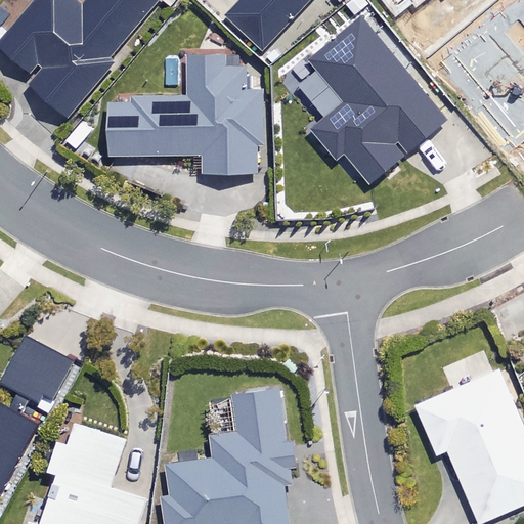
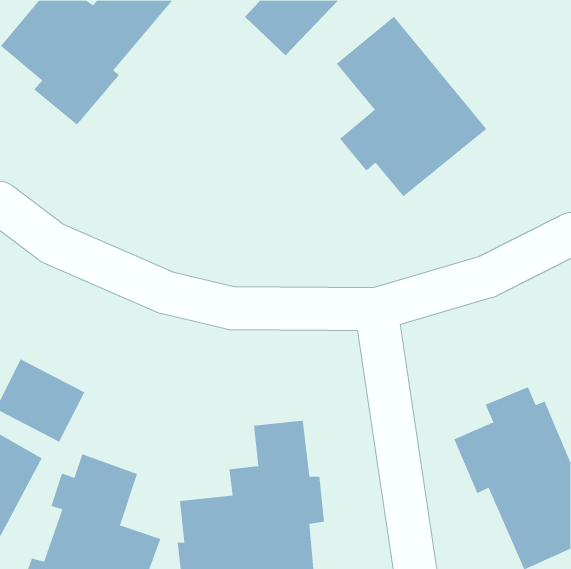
building: [108,55,260,172] -> none

